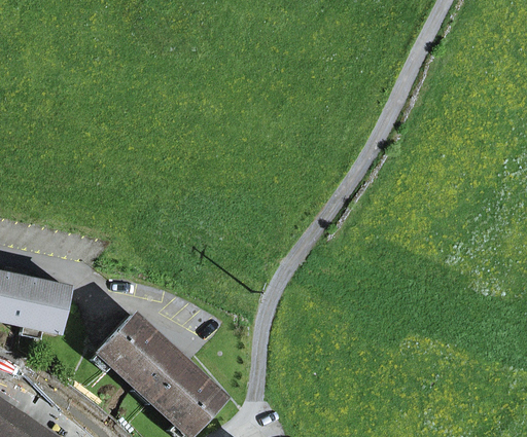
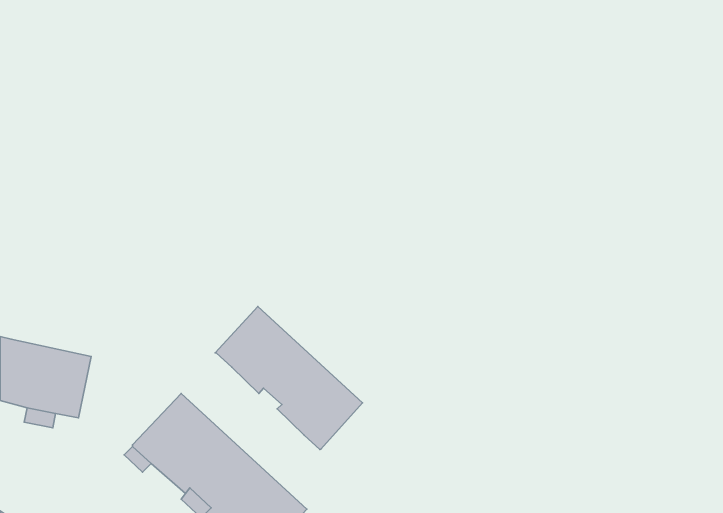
building: none -> [215,307,363,449]

